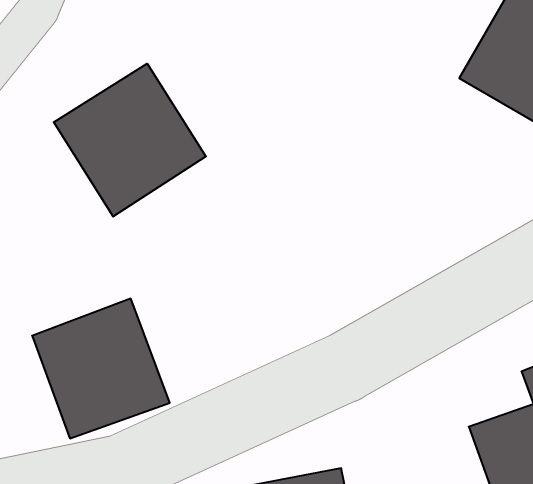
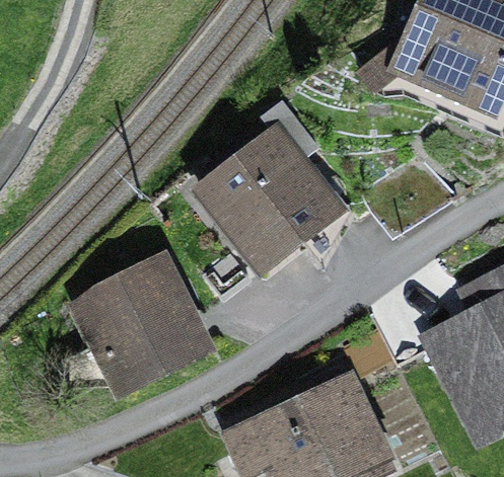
building: [54,64,206,217] -> none
building: none -> [207,139,336,267]

